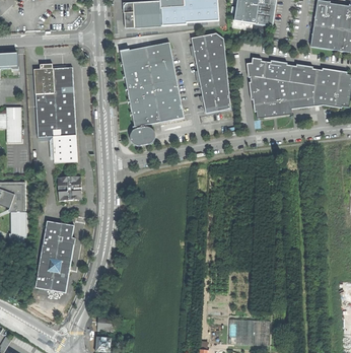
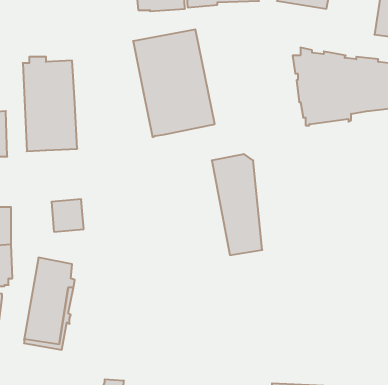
building: [191,32,230,112] -> [212,154,262,255]
building: [130,126,154,144] -> none
building: [52,135,77,162] -> none

